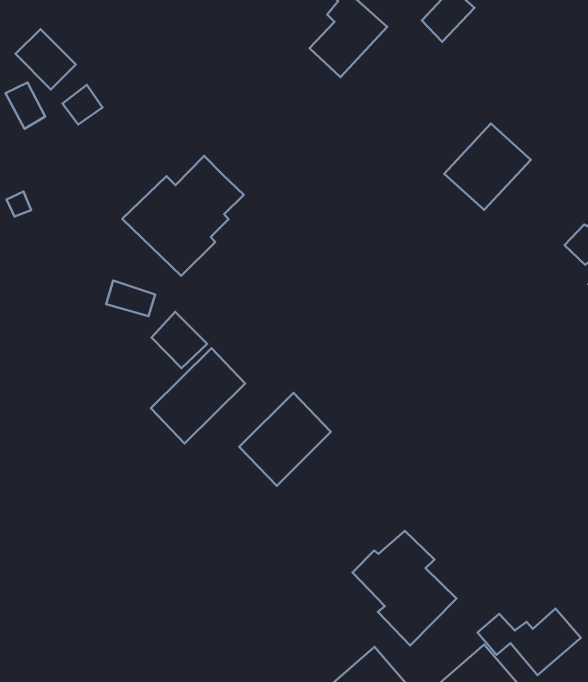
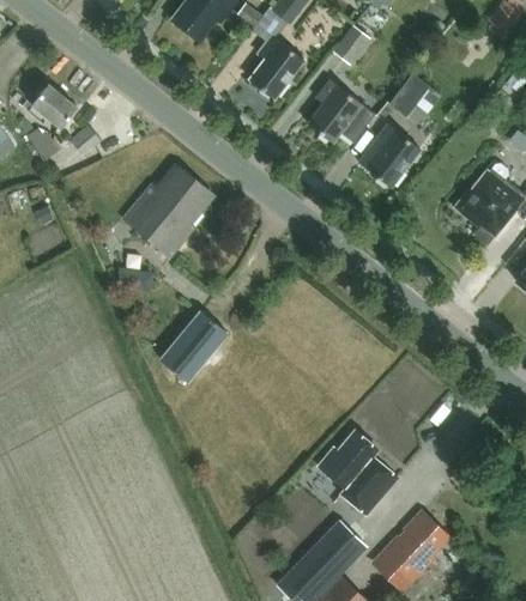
building: none -> [309,80,374,142]
building: none -> [389,73,430,117]
building: [151,312,207,368] -> none
building: [239,393,331,486] -> none
building: [478,609,581,675] -> none

